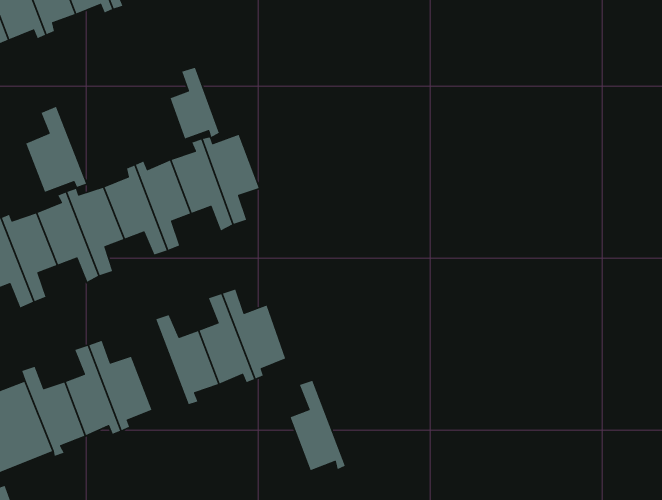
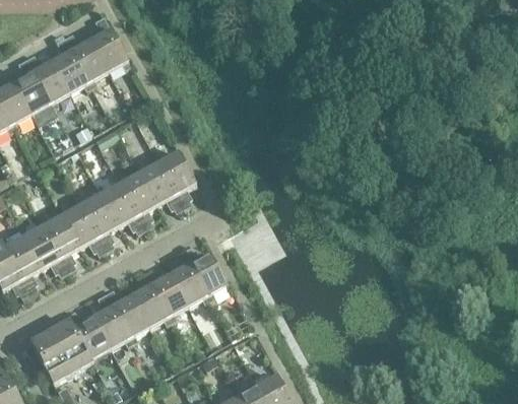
building: [169,67,220,140] -> none
building: [25,106,87,193] -> none
building: [290,380,346,471] -> [129,272,168,328]

